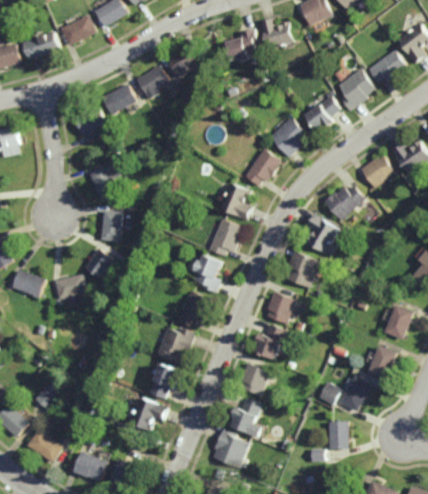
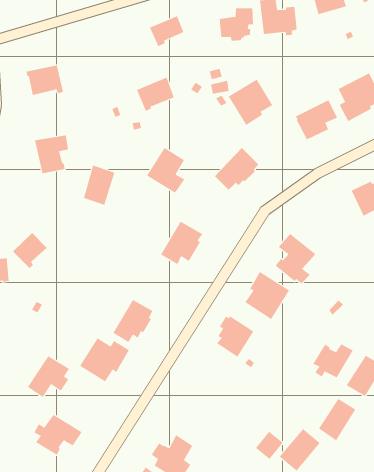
building: [136,63,169,95] -> [136,77,174,112]
building: [101,82,135,113] -> none
building: [267,117,306,158] -> [228,79,273,126]
building: [219,182,252,219] -> [146,147,185,194]
building: [324,186,365,220] -> none
building: [100,209,123,241] -> [83,165,115,205]
building: [194,254,223,292] -> none
building: none -> [313,344,354,378]
building: [255,323,289,360] -> none
building: [241,362,271,396] -> none
building: [150,363,184,399] -> [27,356,70,398]

